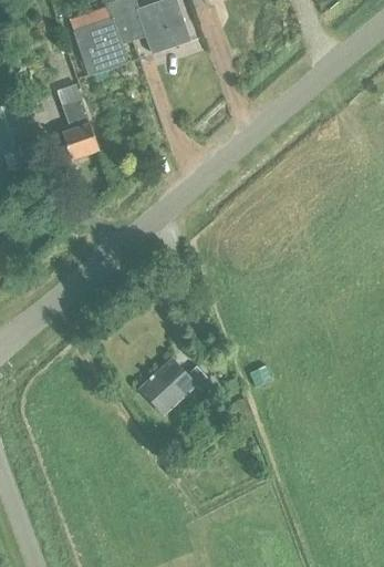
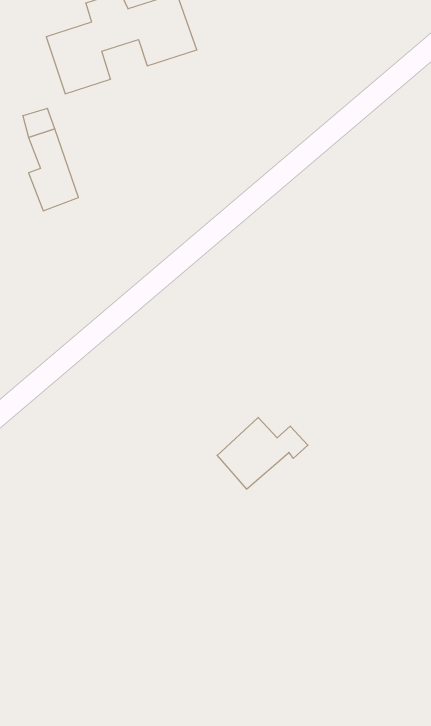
building: [139,359,208,413] -> [217,417,308,489]

